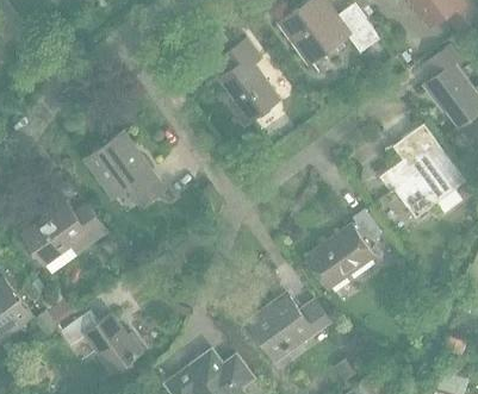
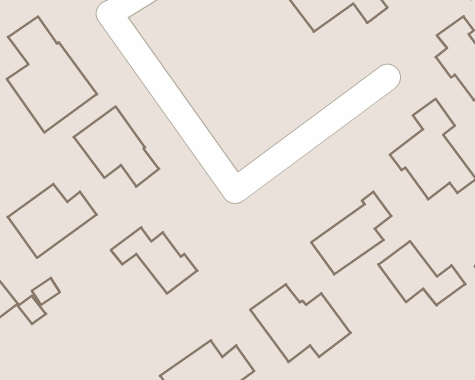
building: [219,39,279,125] -> none
building: none -> [7,17,97,132]
building: none -> [378,241,465,305]
building: [60,309,141,371] -> [111,227,197,293]

